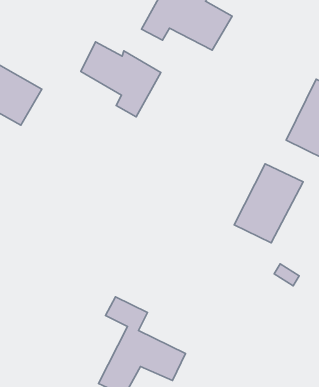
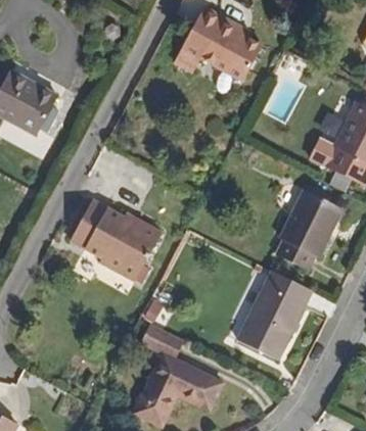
building: [81,42,161,117] -> none
building: none -> [88,201,166,276]
building: none -> [235,273,308,360]

